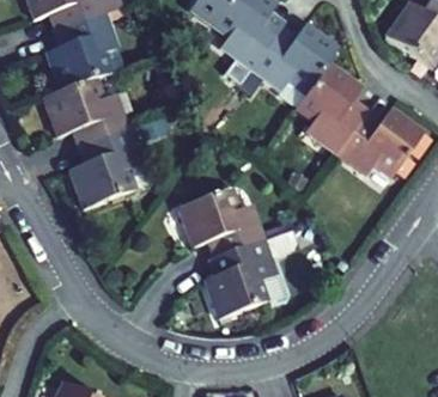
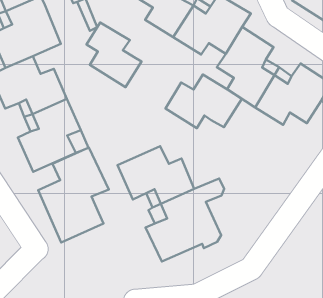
building: none -> [87,22,141,87]
building: none -> [166,74,242,128]
building: none -> [38,148,109,242]

